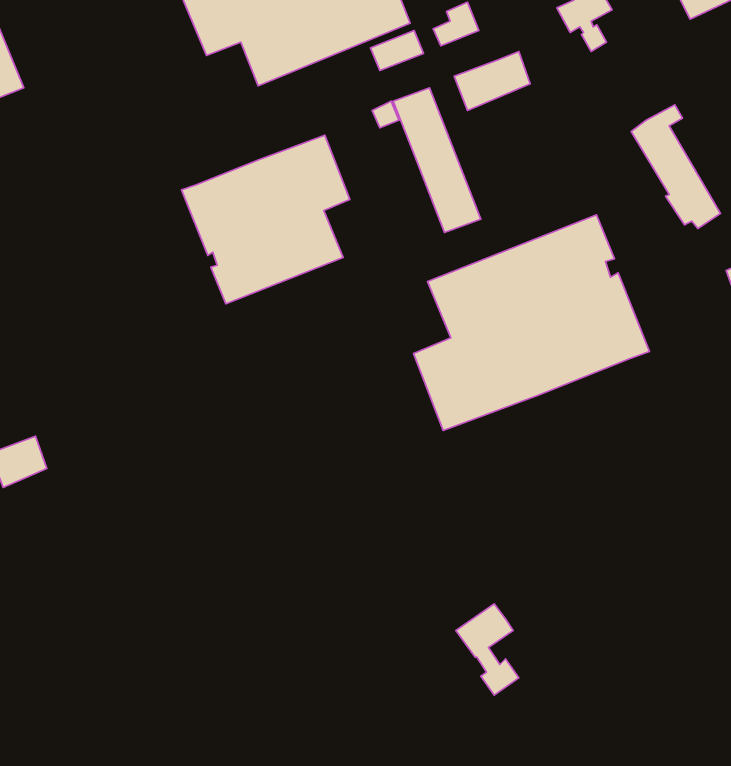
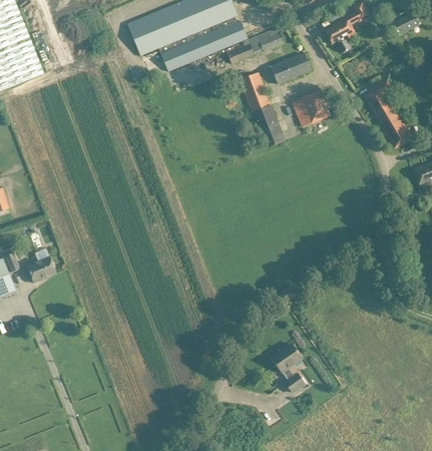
building: none -> [292,90,330,125]
building: [182,135,350,304] -> none
building: [413,215,650,431] -> none

